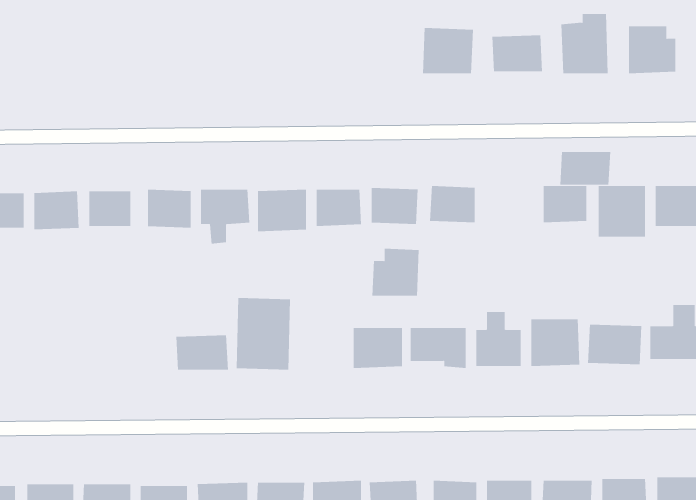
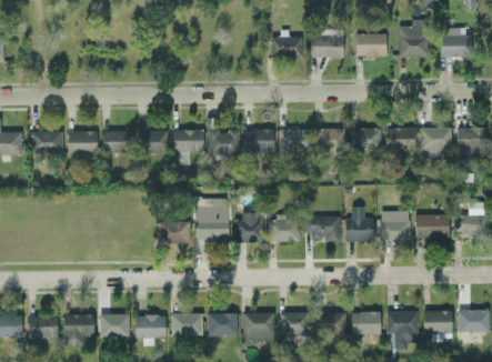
building: none -> [270,33,301,59]
building: [560,151,611,185] -> [349,128,381,149]
building: [372,248,419,296] -> [233,212,263,242]

